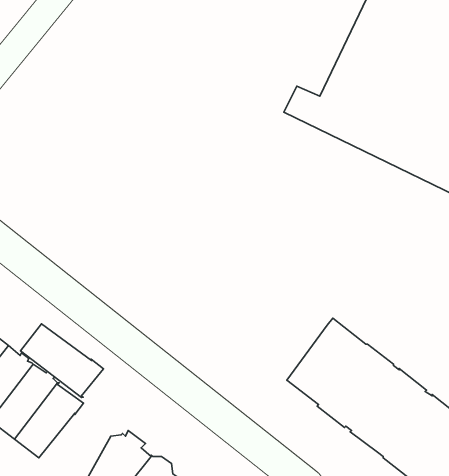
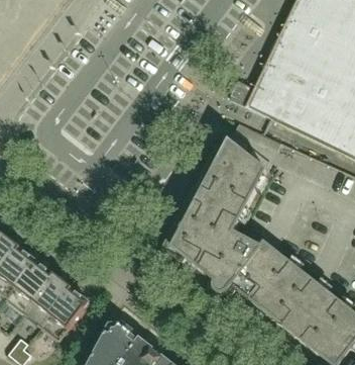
building: none -> [162,141,266,294]
building: [21,324,103,398] -> none

